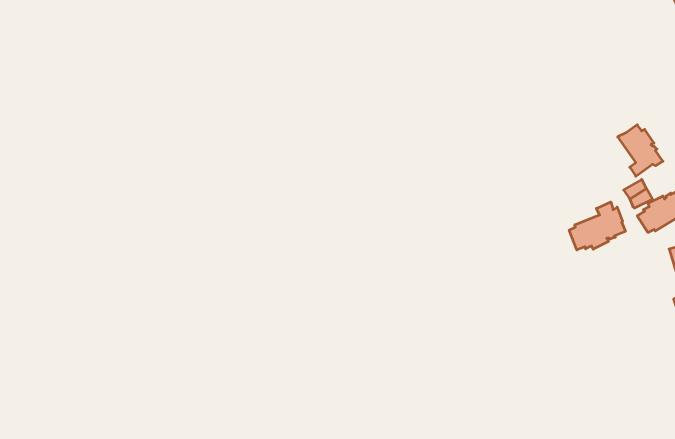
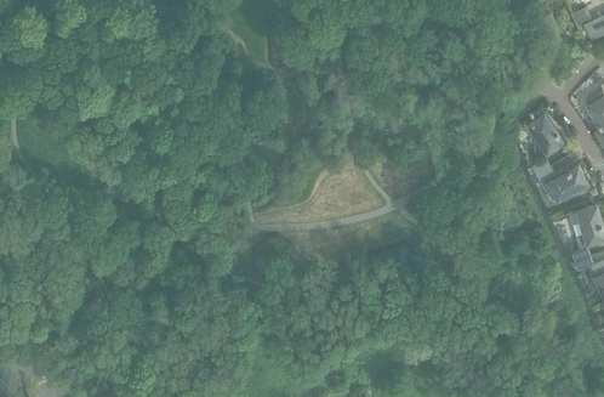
building: [569,202,625,250] -> none

